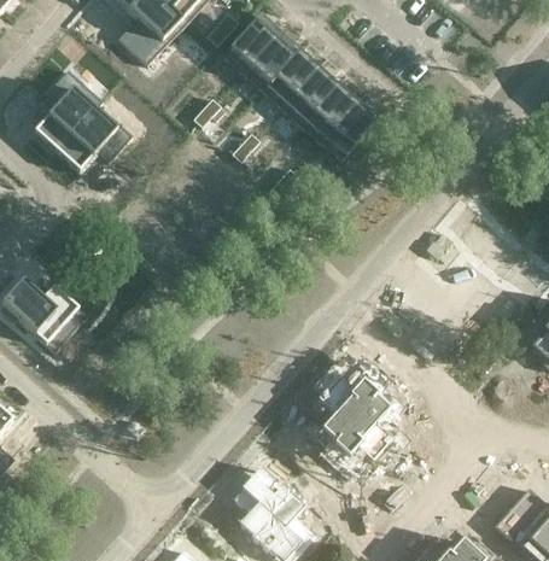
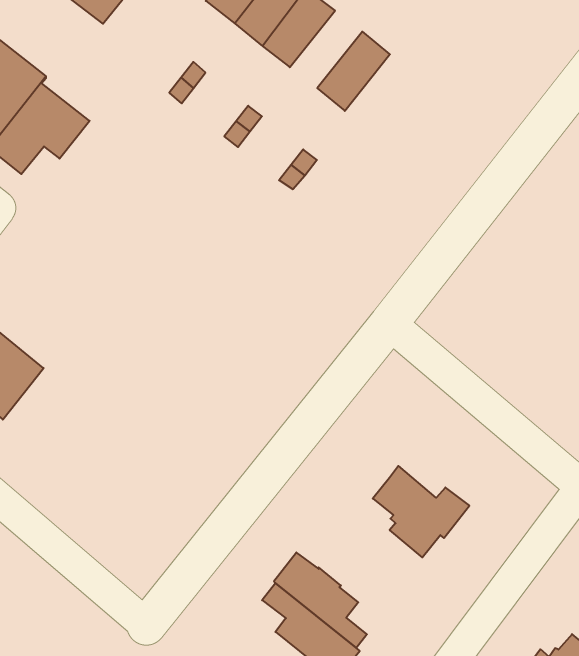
building: [281,65,337,122] -> none
building: [320,100,375,158] -> none
building: [319,363,390,431] -> none

